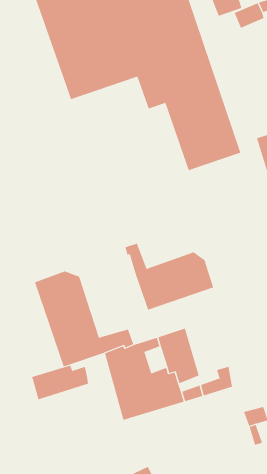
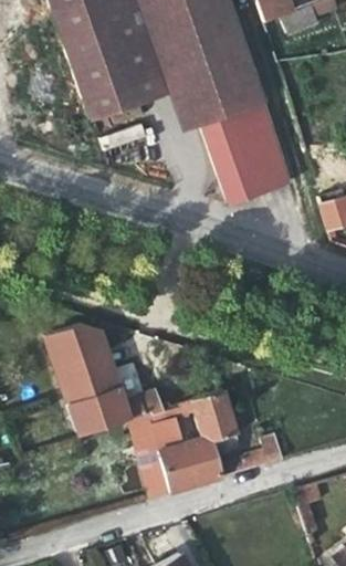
building: [125,243,214,311] -> none
building: [32,365,89,400] -> none

